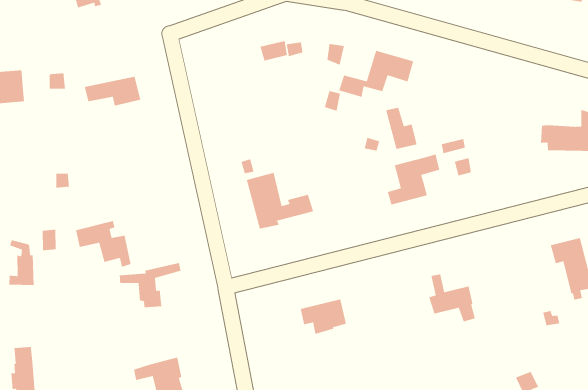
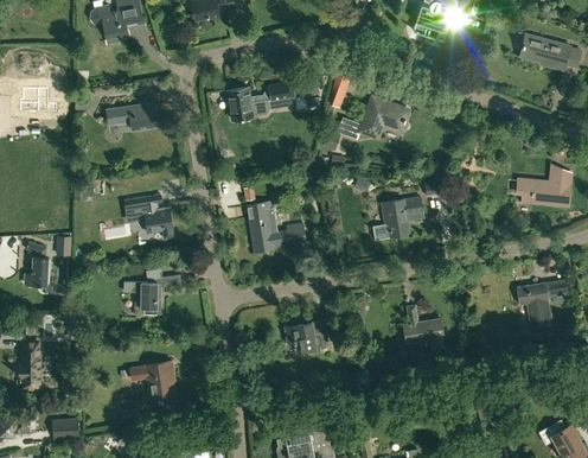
building: none -> [228,87,270,120]
building: [385,107,418,150] -> none
building: [75,220,132,268] -> [124,195,173,238]

